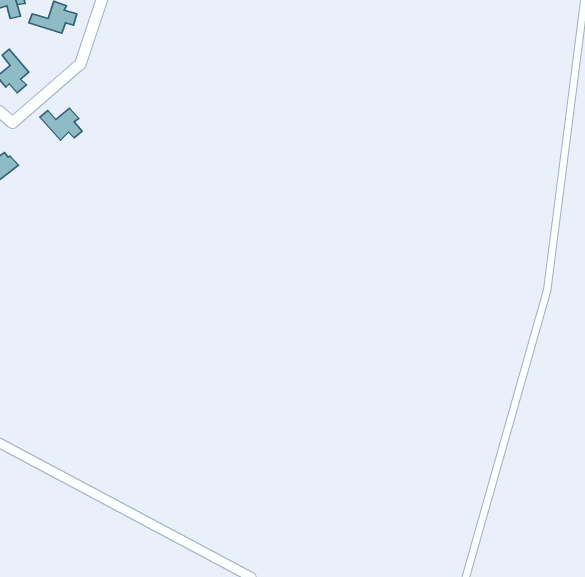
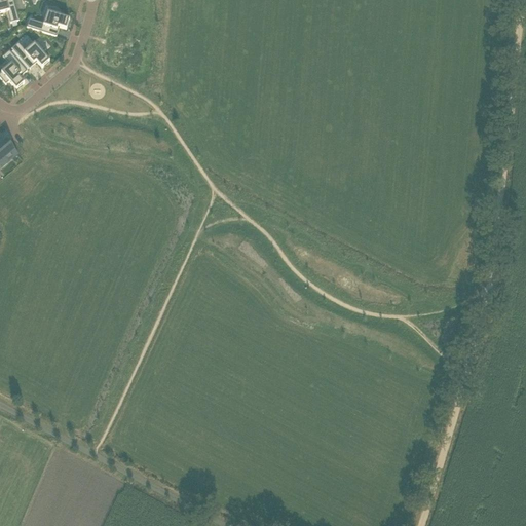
building: [40,108,82,140] -> [10,34,48,63]

